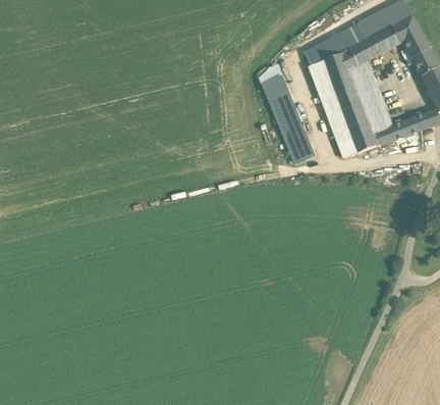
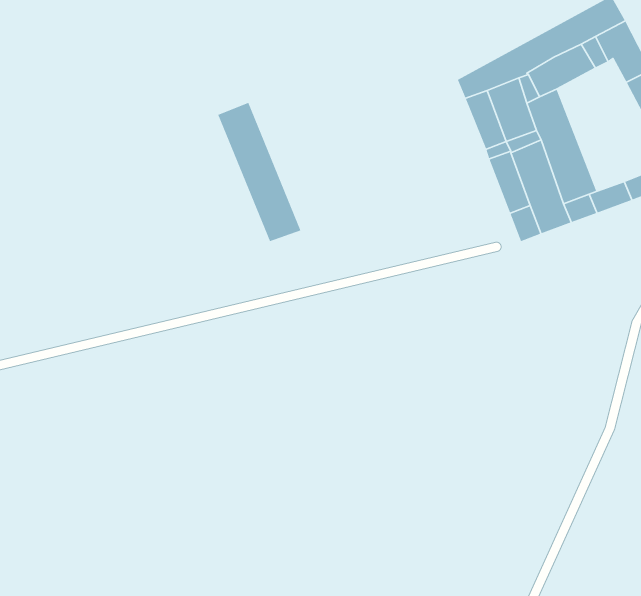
building: [261,73,315,163] -> [217,102,302,242]

